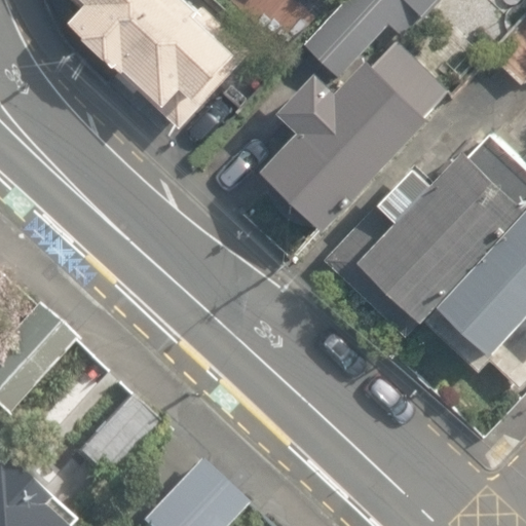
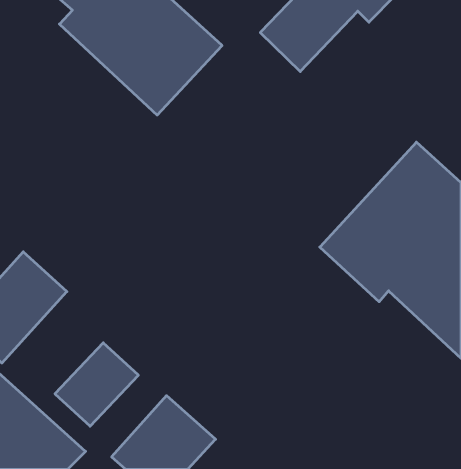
building: [251,36,445,254] -> none

